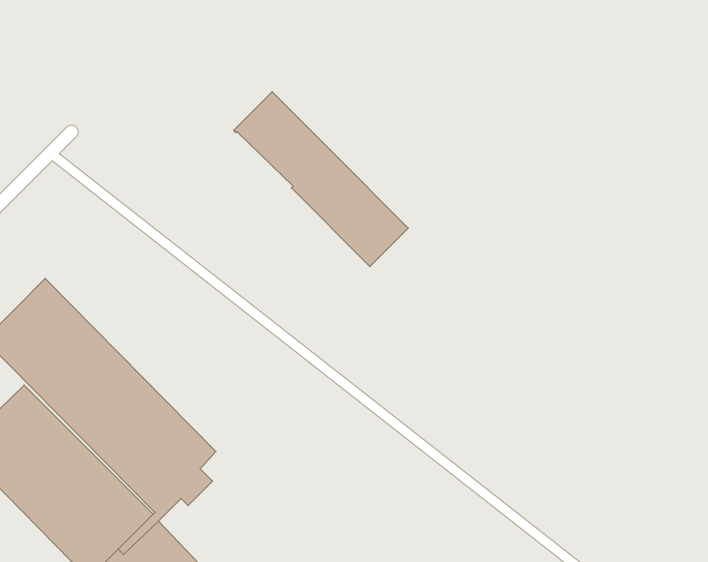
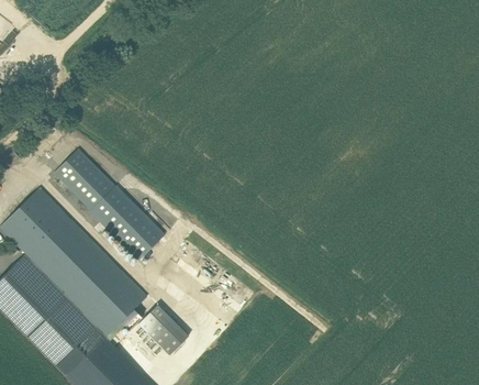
building: [234,92,408,266] -> [54,148,164,259]
building: none -> [140,304,189,354]

